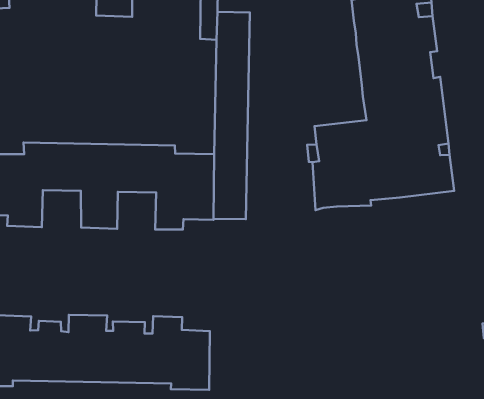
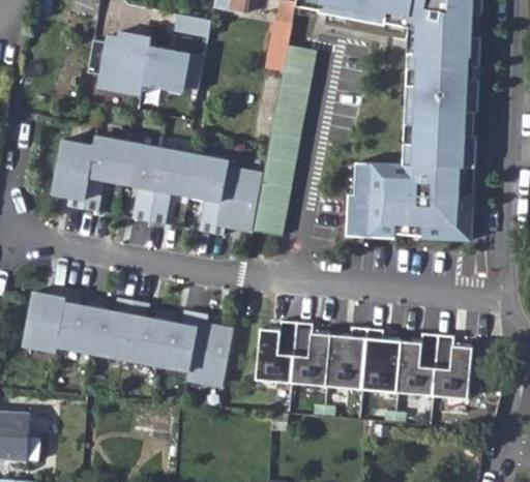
building: none -> [88,37,205,95]
building: none -> [258,321,473,399]

